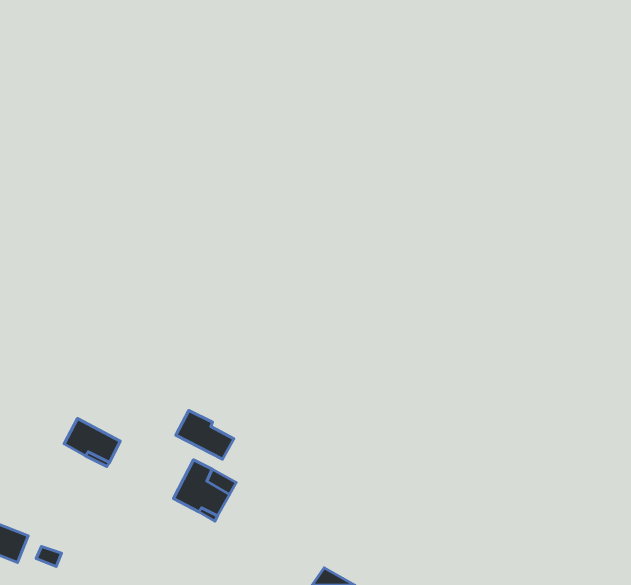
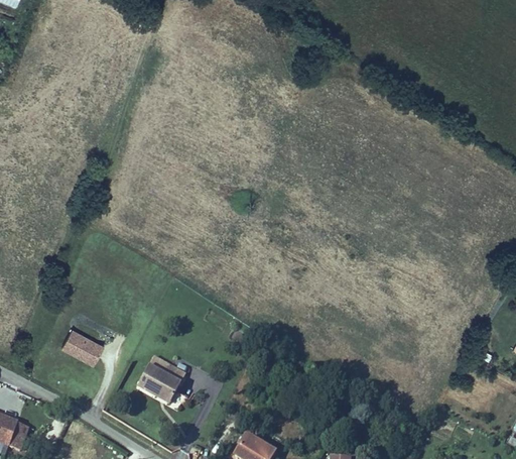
building: [176,411,234,459] -> none

